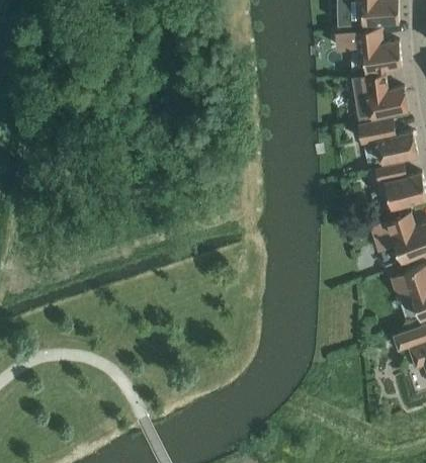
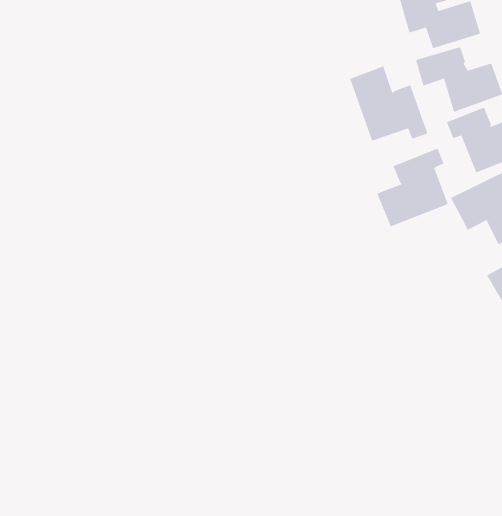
building: none -> [349,65,428,142]
building: none -> [376,148,449,227]

